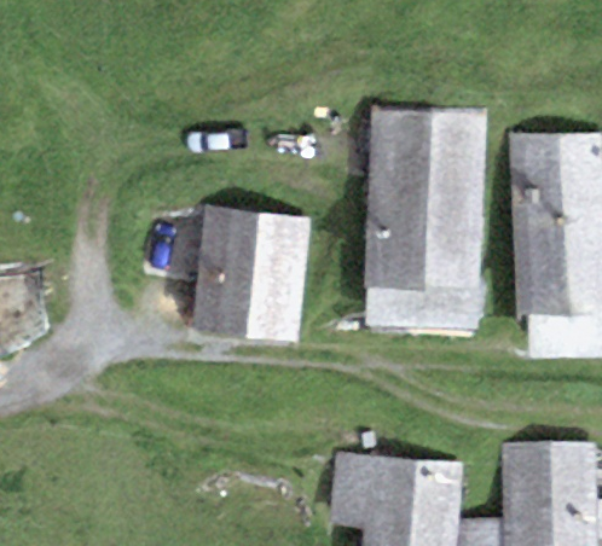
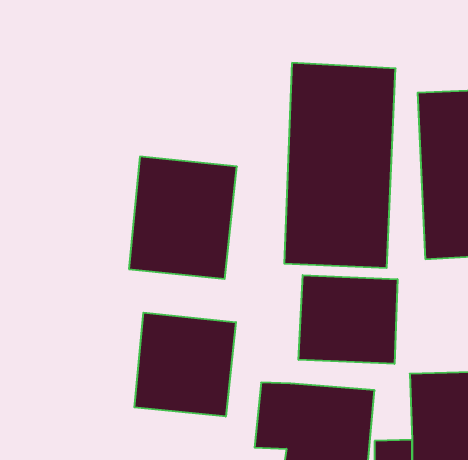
building: none -> [299,275,397,364]
building: none -> [134,313,236,417]

